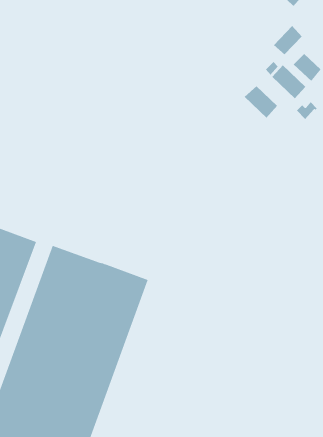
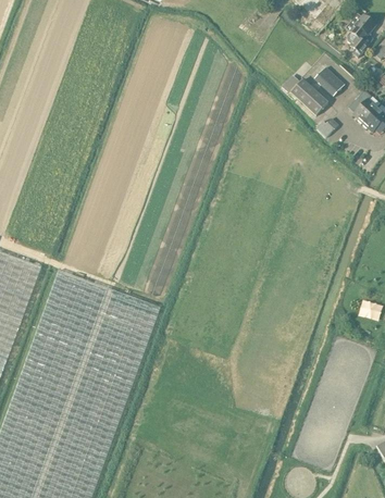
building: [273,25,302,55] -> none
building: [244,85,278,119] -> none

